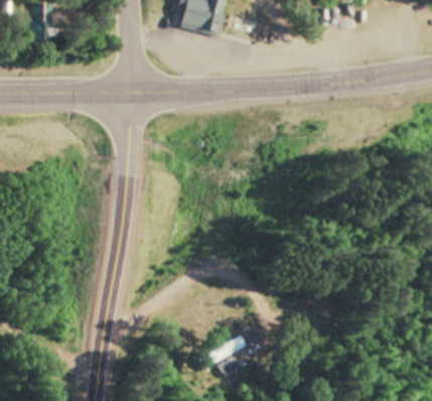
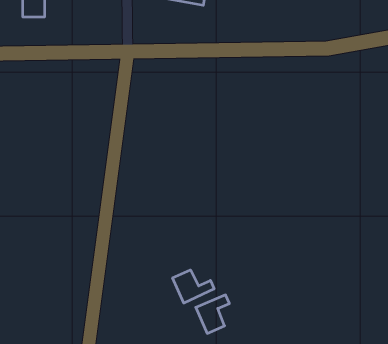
building: none -> [173,270,214,303]

